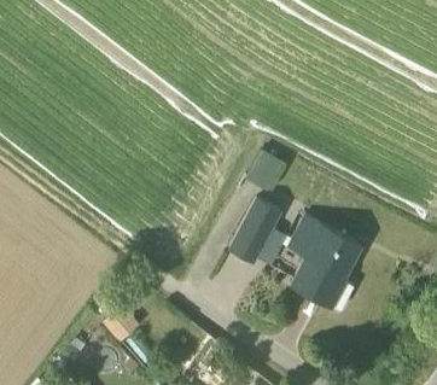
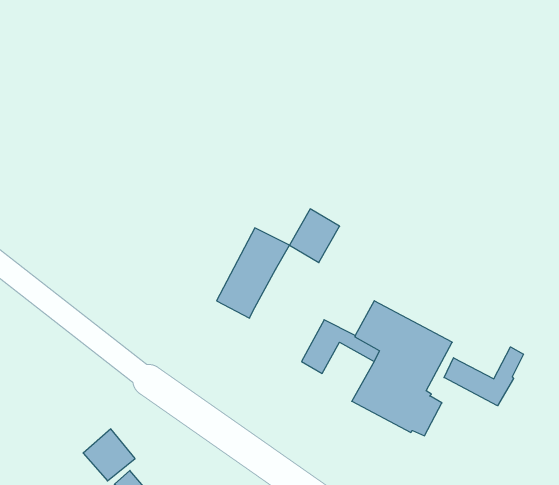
building: [231,200,281,263] -> [217,228,289,318]
building: none -> [444,347,523,406]

